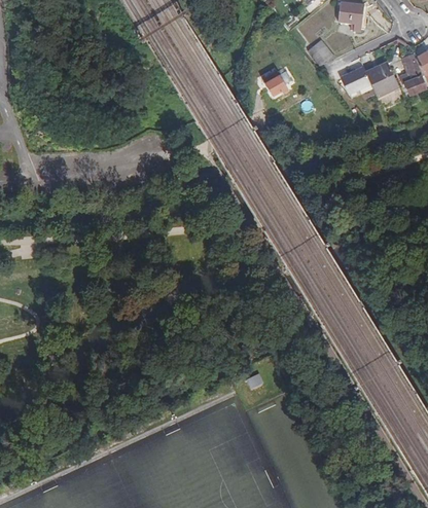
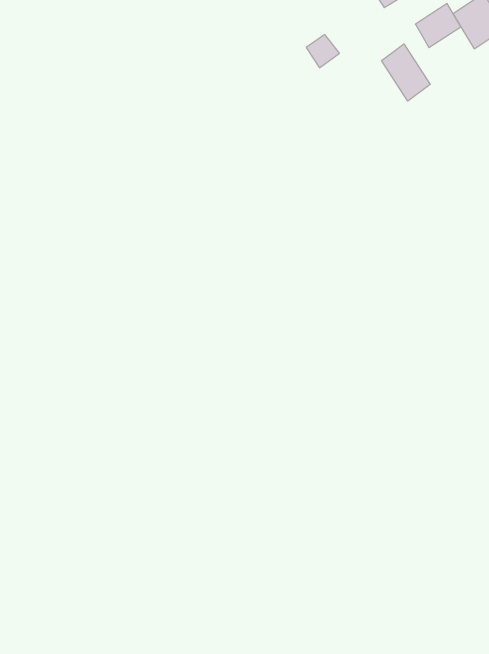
building: none -> [382,44,430,101]

